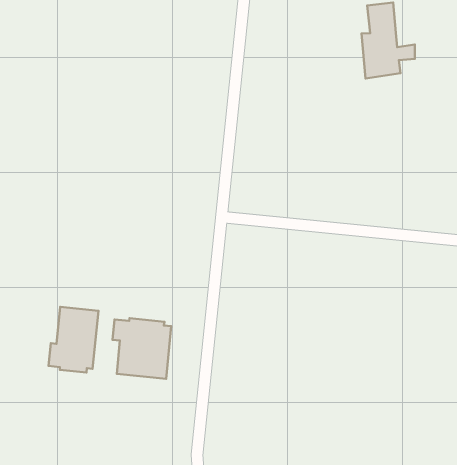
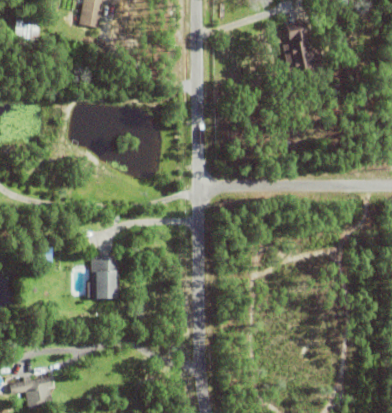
building: [113,318,171,379] -> none

